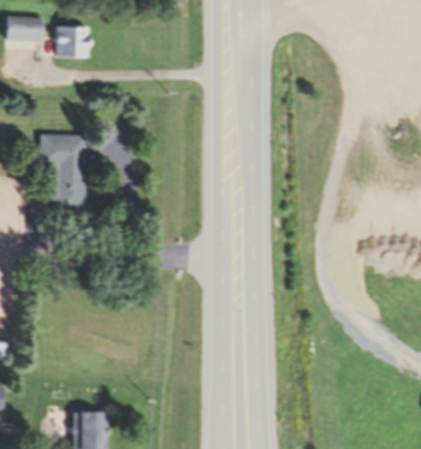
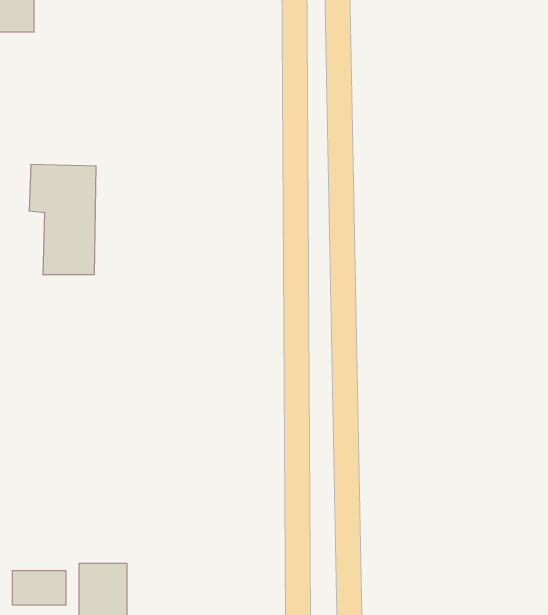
building: [57,25,89,55] -> none
building: none -> [12,571,66,605]

